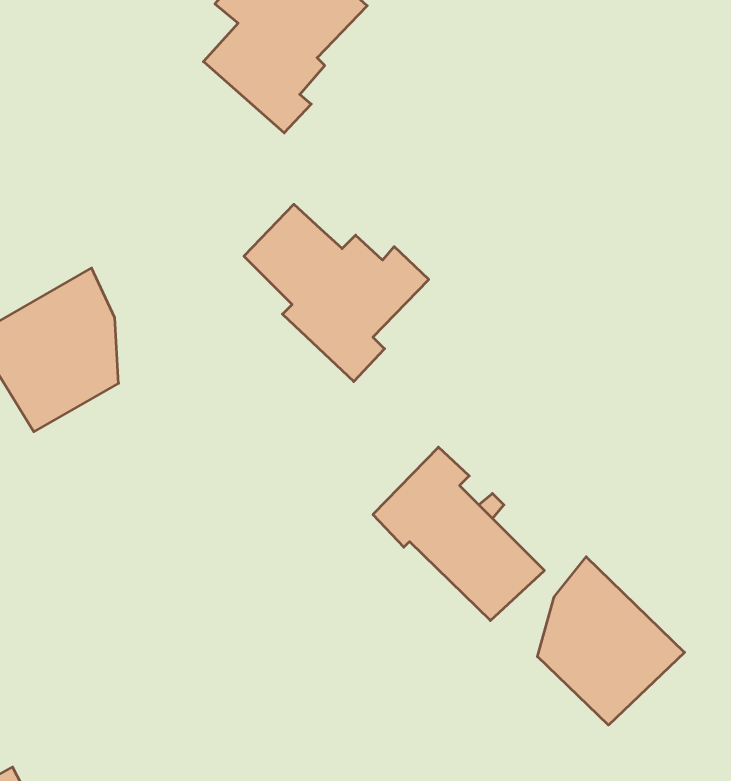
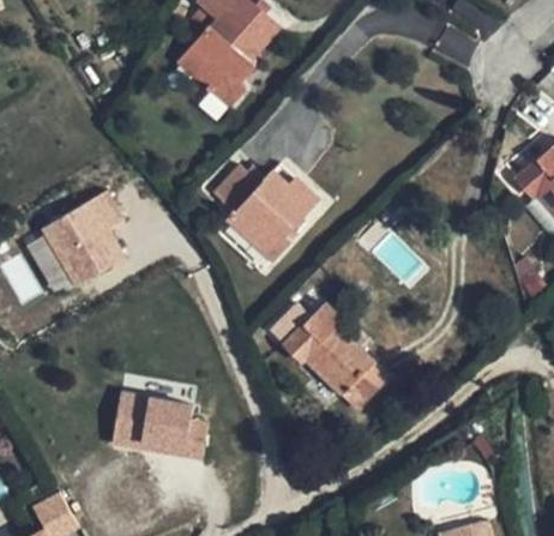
building: [537,557,685,725] -> none
building: none -> [115,391,209,459]

